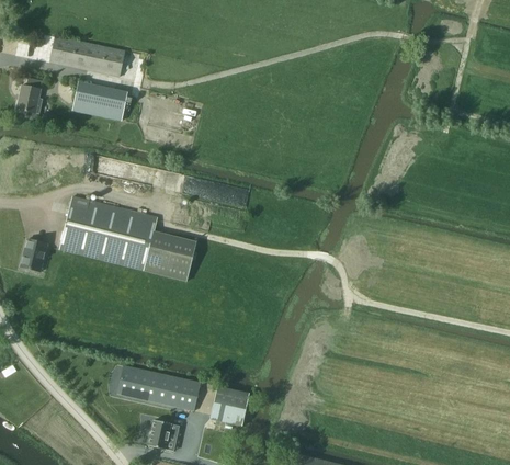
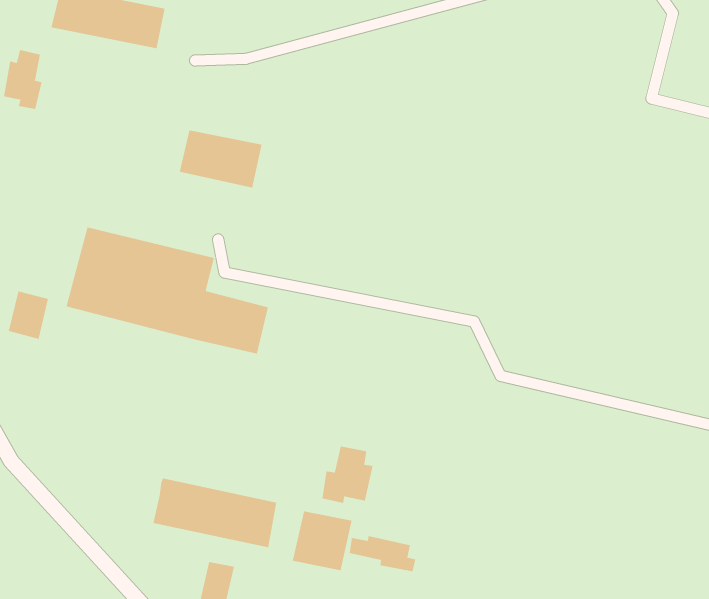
building: [71,81,127,121] -> [179,129,263,189]
building: none -> [321,446,374,504]
building: none -> [349,535,416,572]

